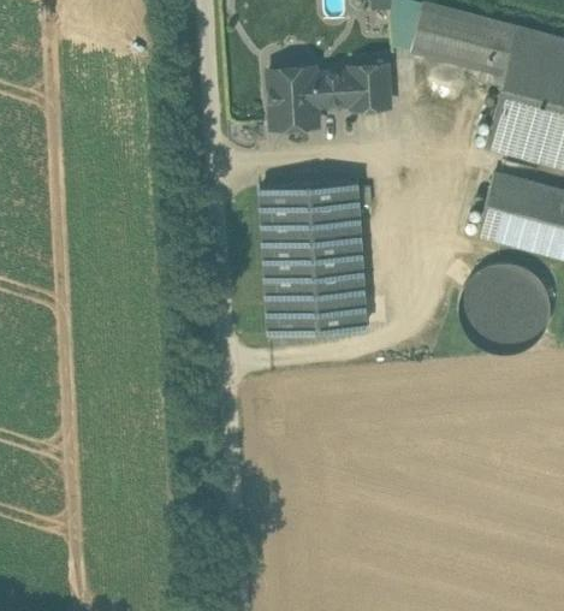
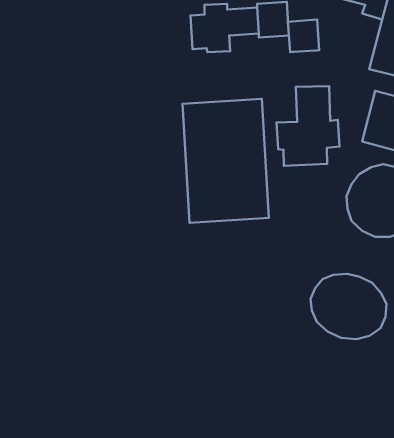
building: none -> [288,20,319,52]
building: none -> [277,86,339,166]
building: none -> [311,274,386,339]

